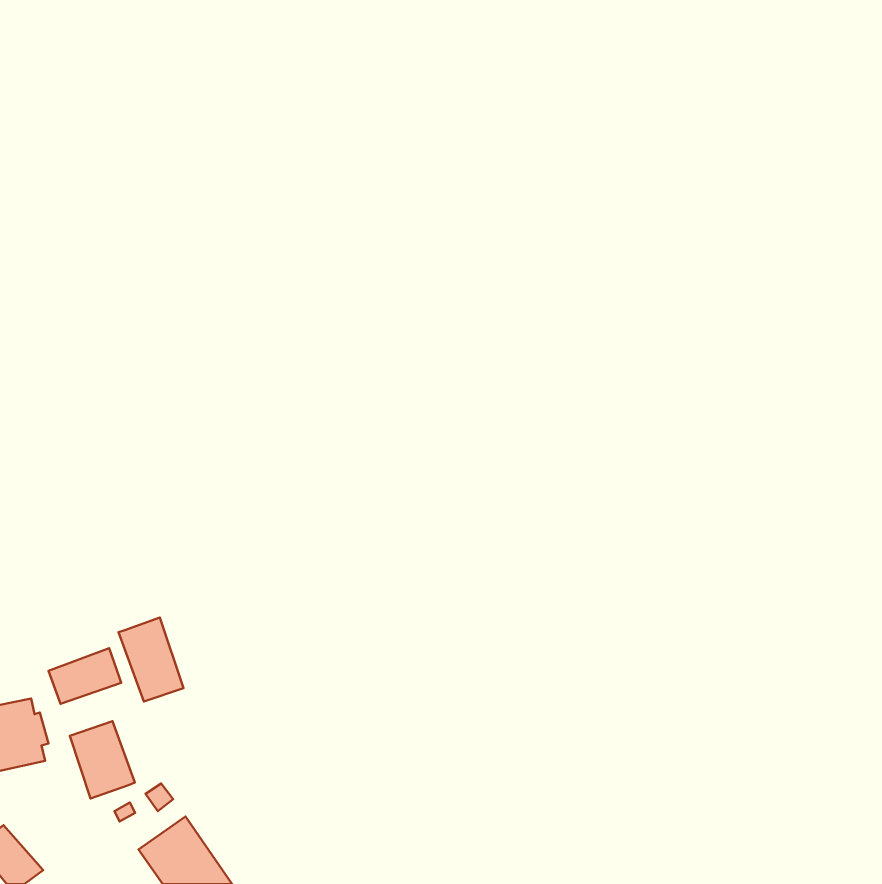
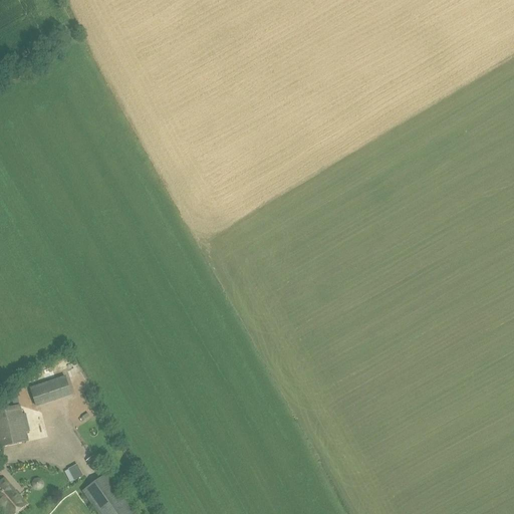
building: [119,618,184,702] -> none
building: [70,721,135,798] -> none

